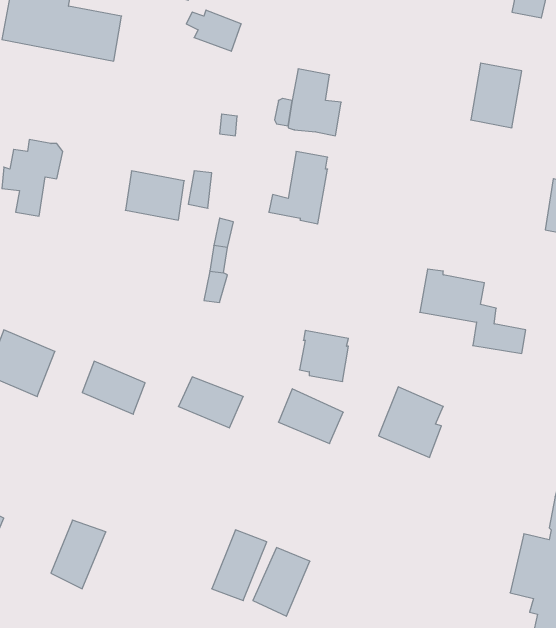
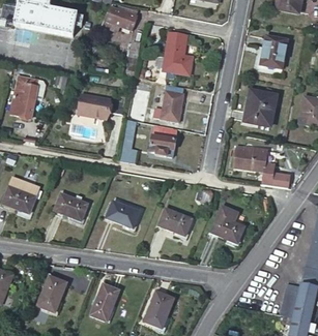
building: none -> [244,91,277,125]
building: [299,330,348,381] -> [150,128,176,155]
building: [212,530,267,601] -> [91,283,120,320]

